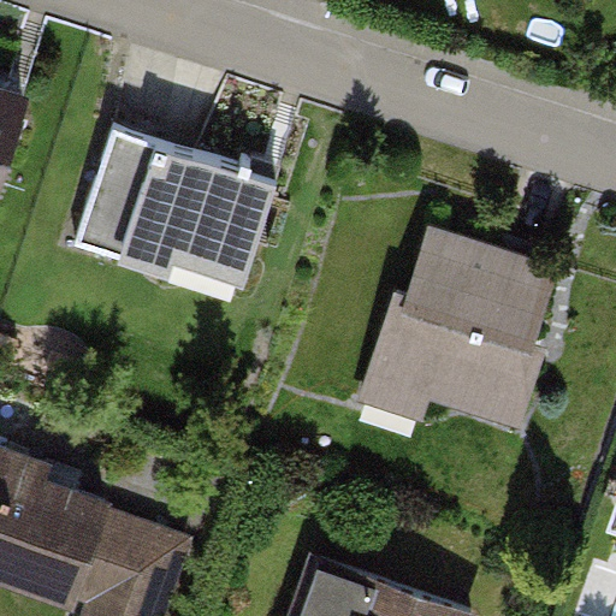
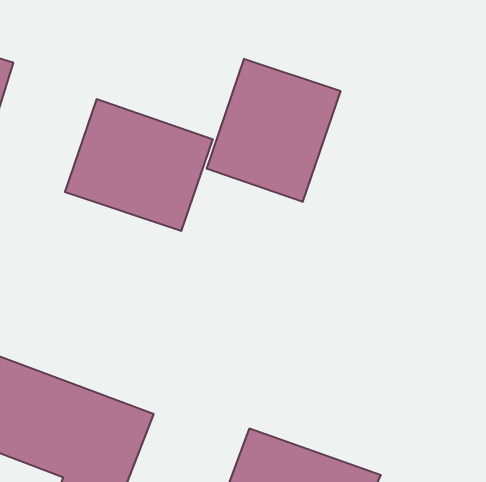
building: none -> [207,59,340,202]
building: [369,227,556,434] -> none

